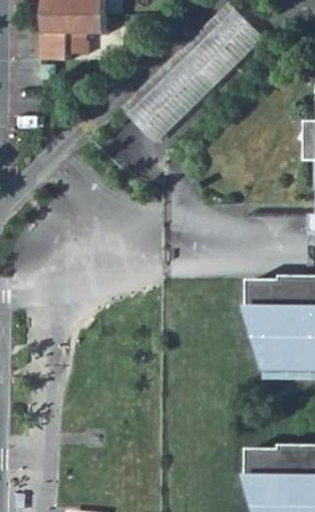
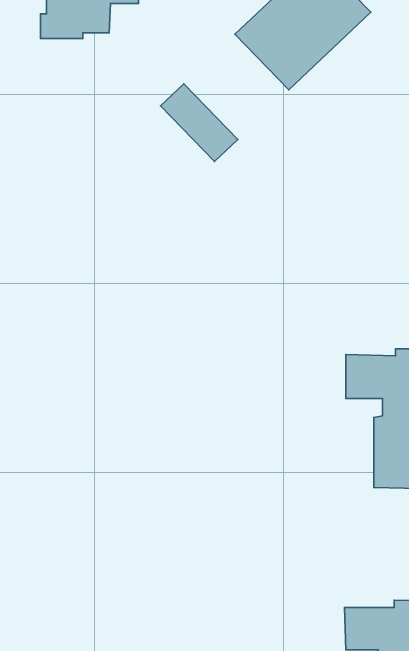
building: [135,58,207,131] -> none

